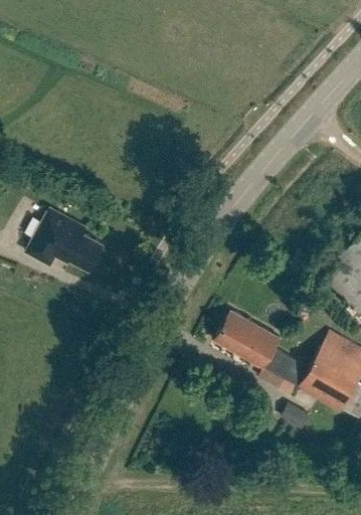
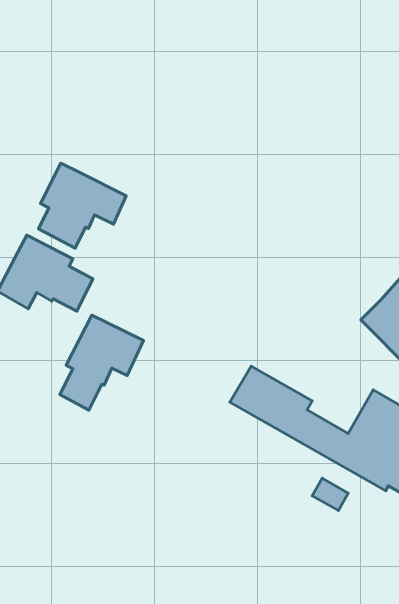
building: none -> [38,163,126,248]
building: none -> [60,315,144,410]

